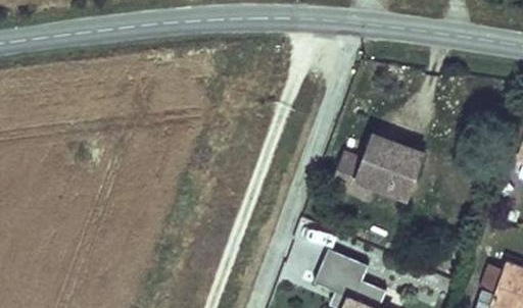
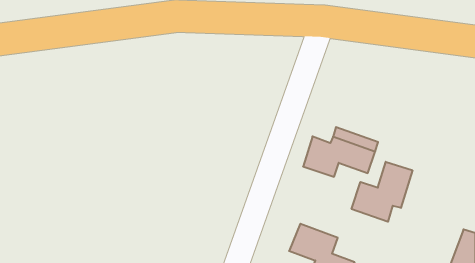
building: none -> [352,162,412,222]

